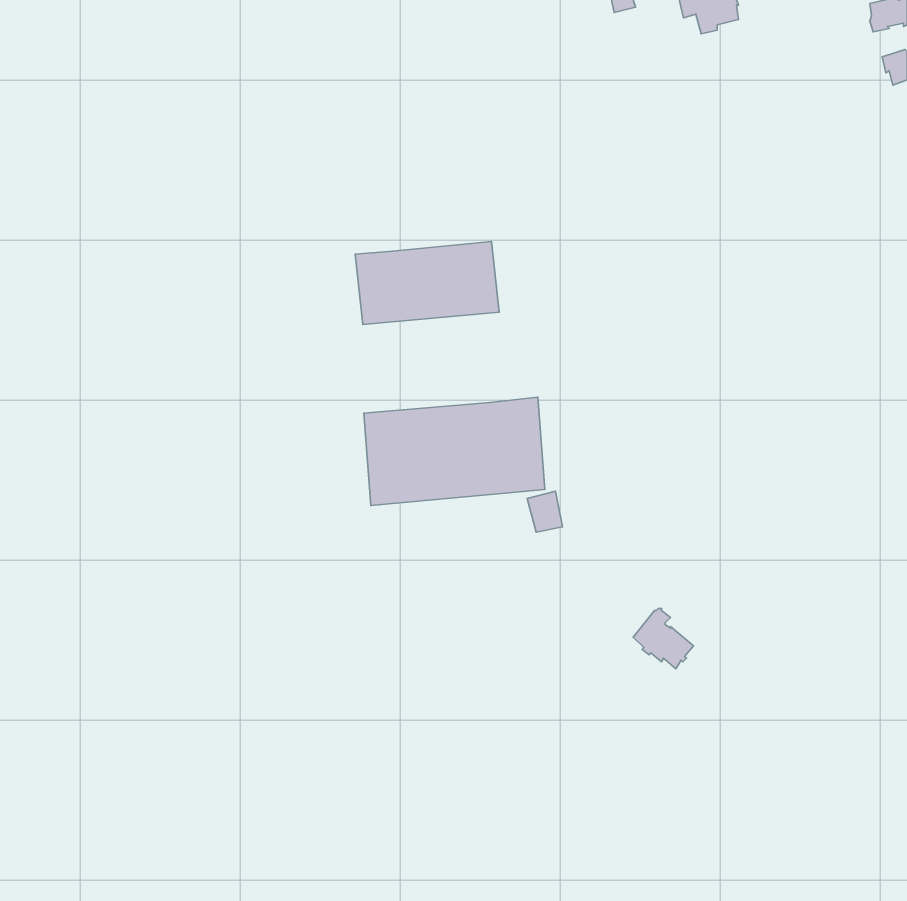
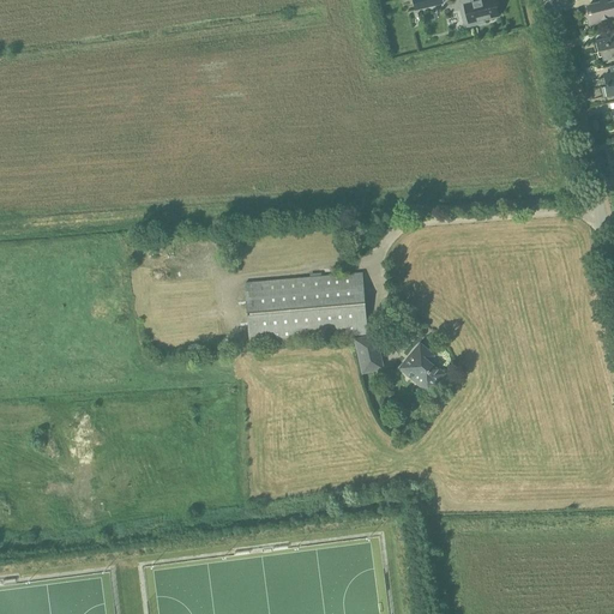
building: [355,242,499,325] -> none
building: [633,609,694,669] -> [402,345,443,386]

